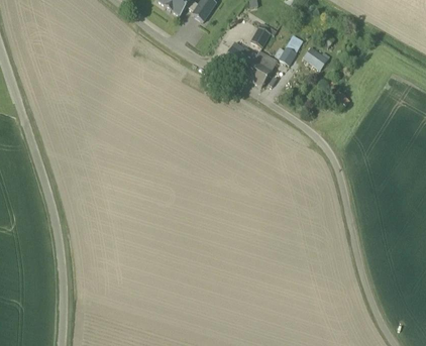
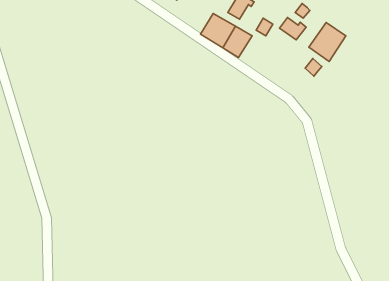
building: none -> [309,23,346,62]

